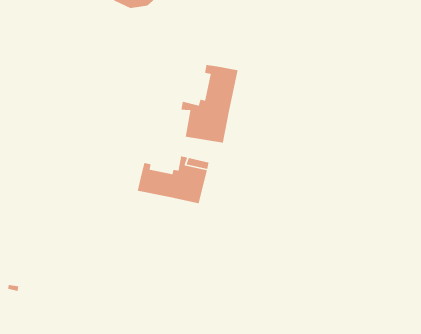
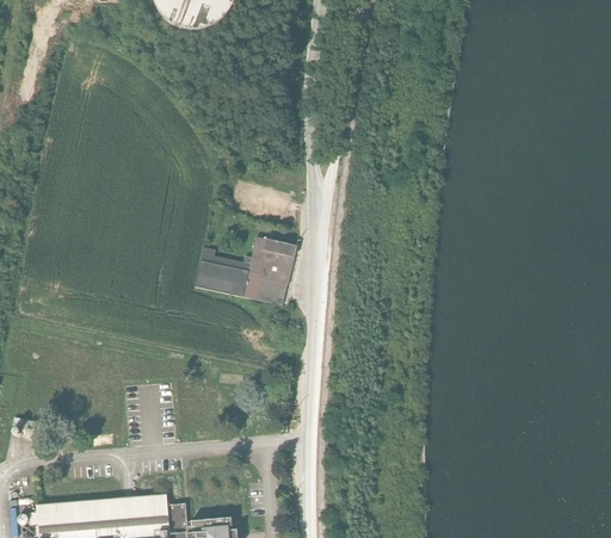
building: [181,64,239,143] -> none

